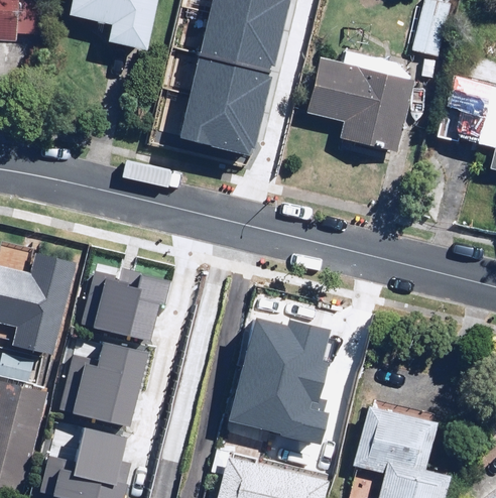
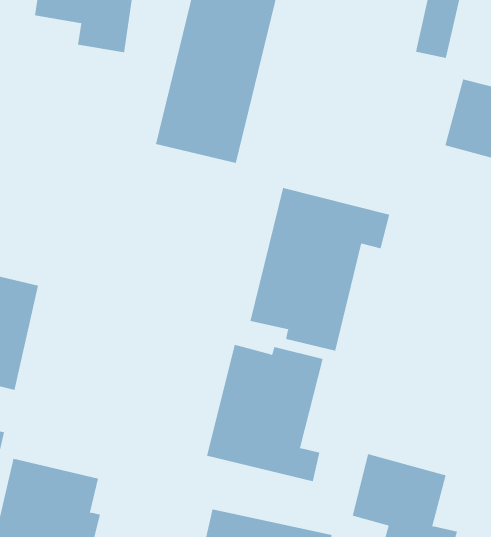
building: [308,59,415,154] -> none
building: none -> [250,187,390,352]
building: [87,266,171,334] -> none
building: [59,336,147,423] -> none

